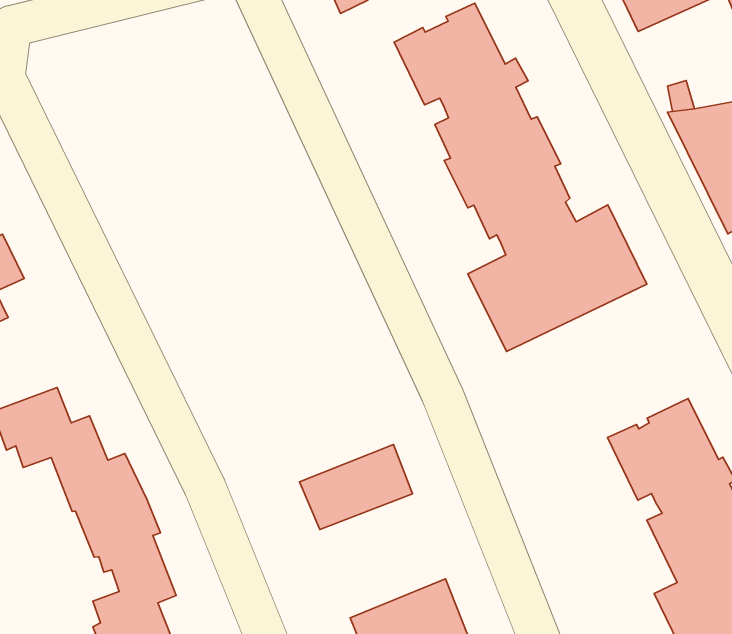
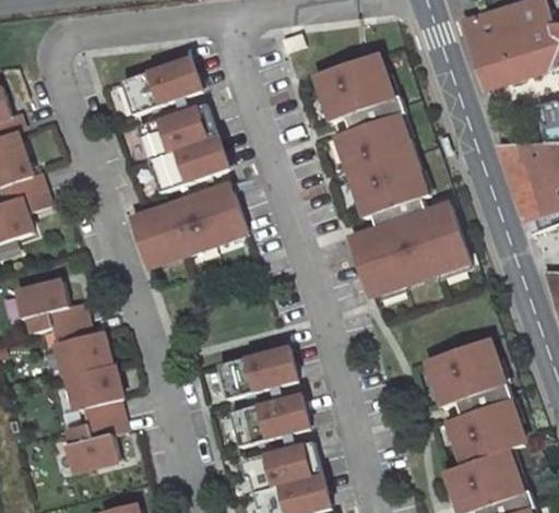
building: none -> [122,59,199,115]
building: none -> [138,105,225,191]
building: none -> [132,183,247,259]
building: none -> [230,395,306,446]

